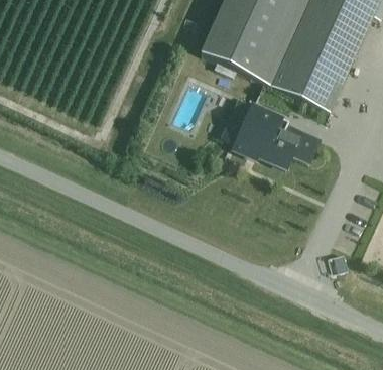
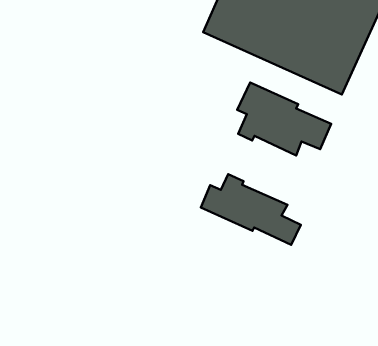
building: none -> [201,174,301,245]

